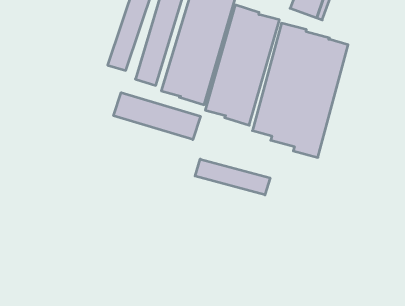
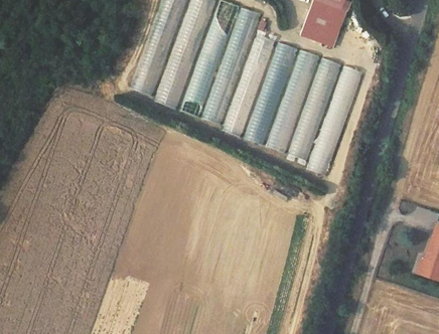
building: [114,93,200,140] -> none
building: [195,159,270,195] -> none

